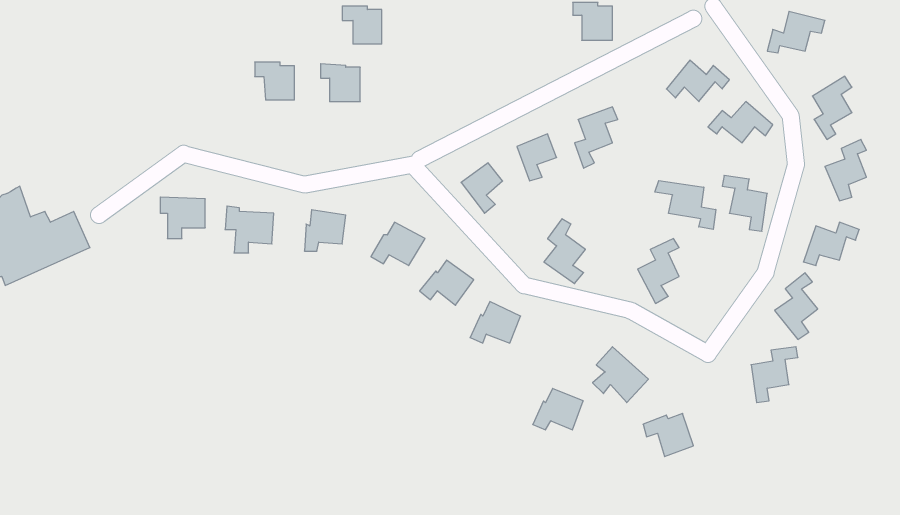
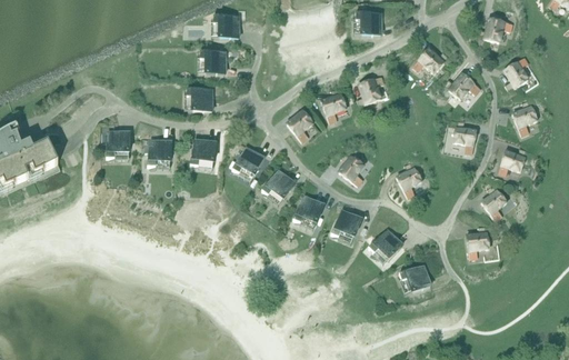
building: [255,62,294,100] -> [187,87,211,110]
building: [655,181,716,229] -> none
building: [533,388,583,430] -> [330,210,361,236]

